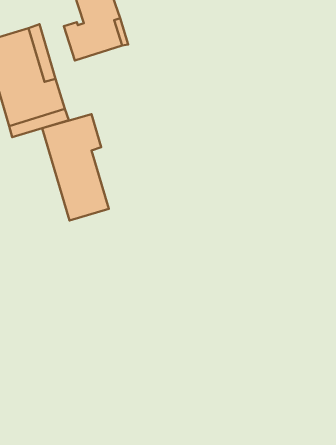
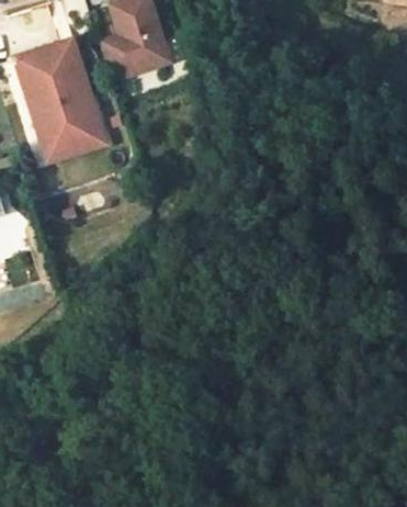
building: [42,114,109,221] -> none

